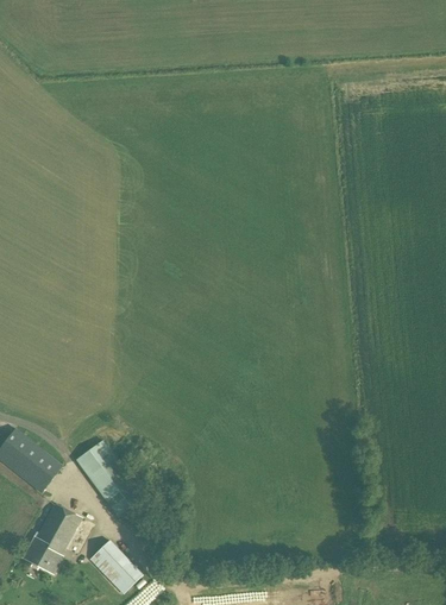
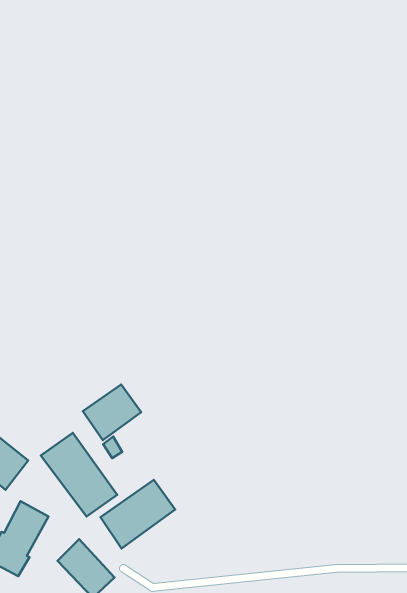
building: none -> [83,384,141,440]
building: none -> [101,480,175,549]

